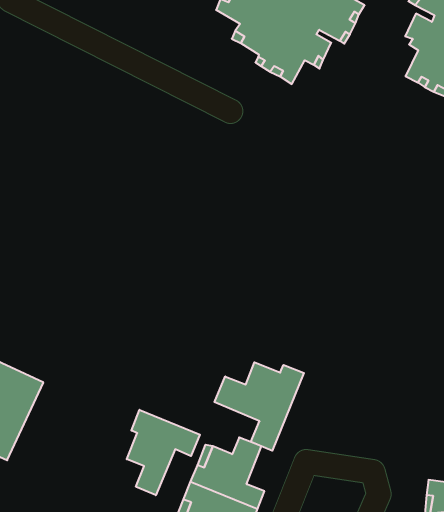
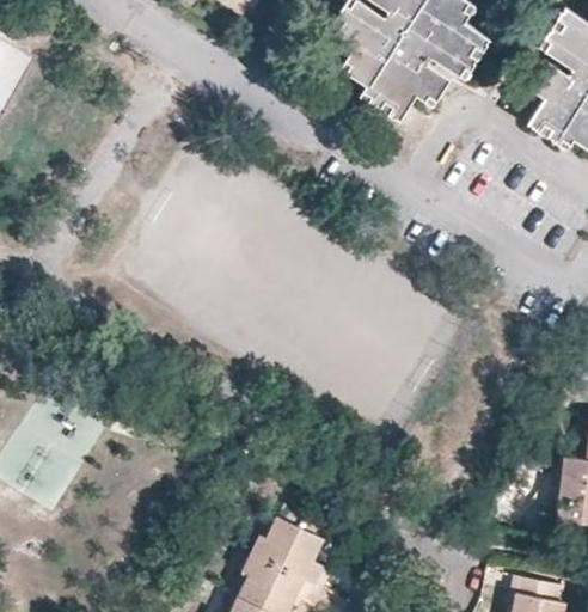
building: [214,362,304,451] -> none
building: [127,410,200,495] -> none

